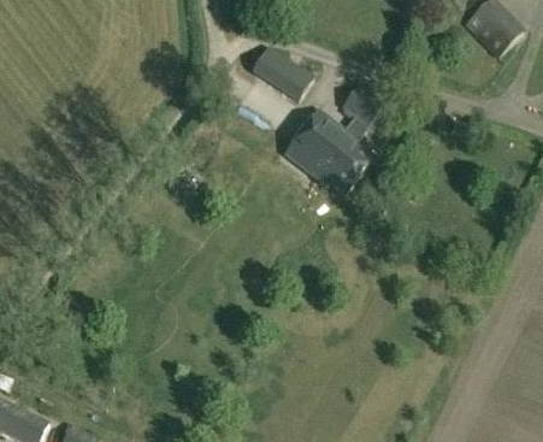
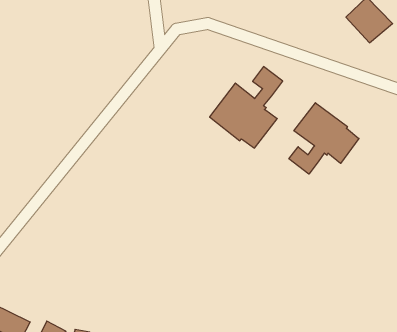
building: [252,46,314,100] -> none
building: none -> [289,103,359,174]

